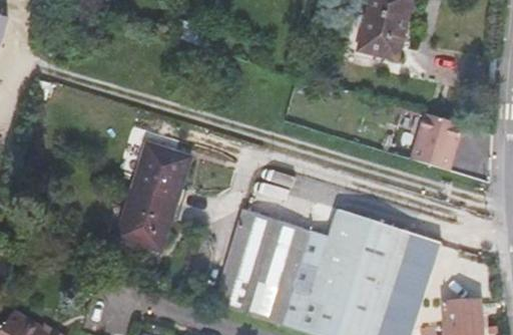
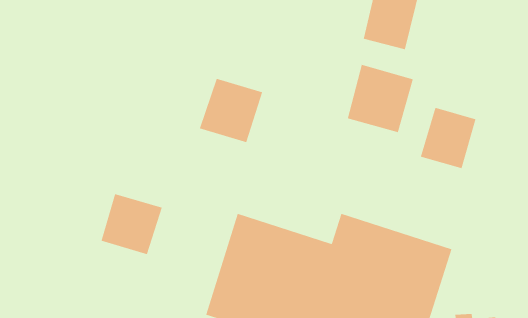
building: none -> [347,64,414,133]
building: [131,144,190,205] -> [199,78,263,143]

